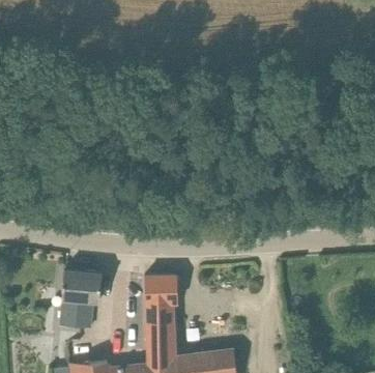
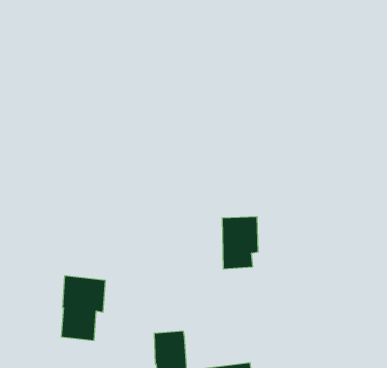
building: [145,274,178,321] -> [222,217,258,269]

